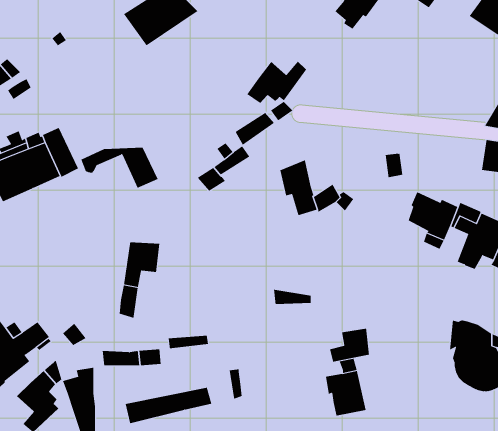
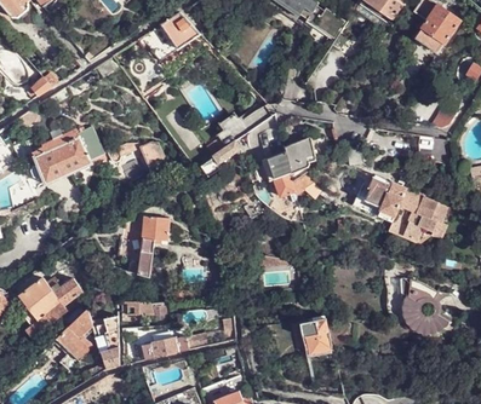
building: [247,61,307,104] -> none
building: none -> [284,137,314,173]
building: [329,328,369,362] -> none

